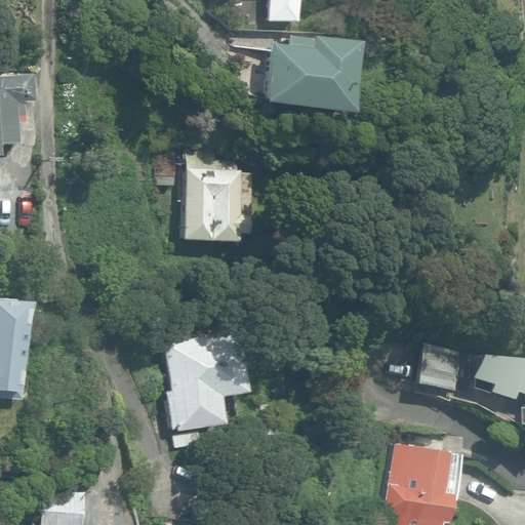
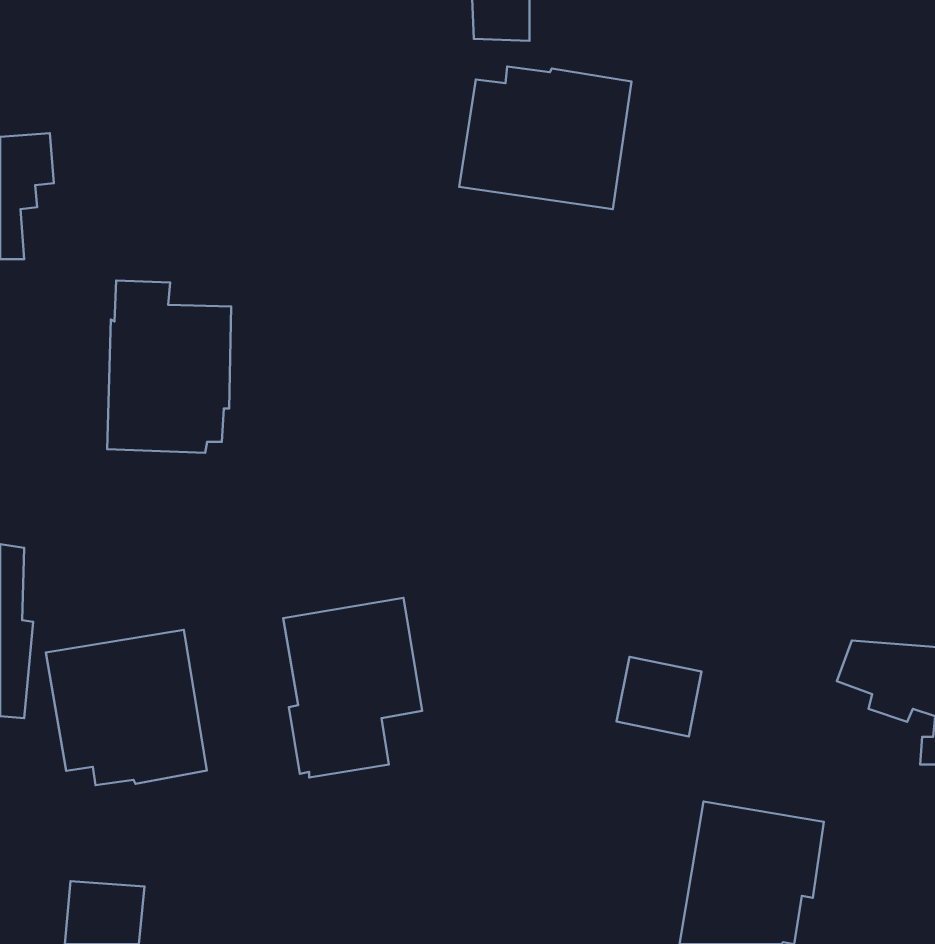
building: [184,146,252,241] -> [107,281,231,453]
building: [416,346,463,390] -> [616,657,702,736]
building: none -> [46,630,207,785]

